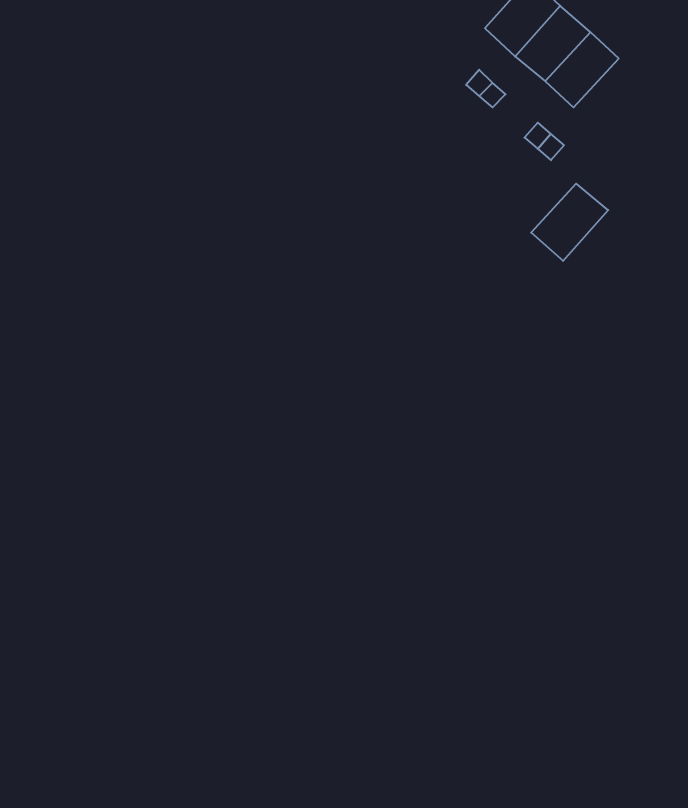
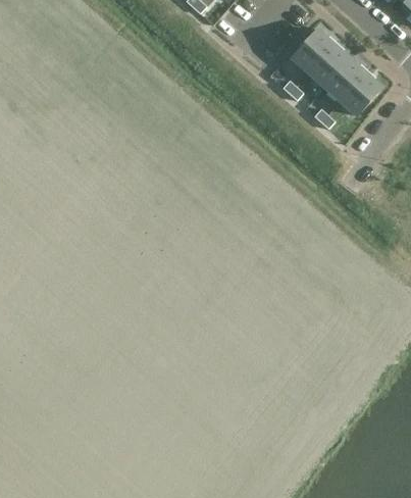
building: [531,184,608,261] -> [340,73,381,115]

